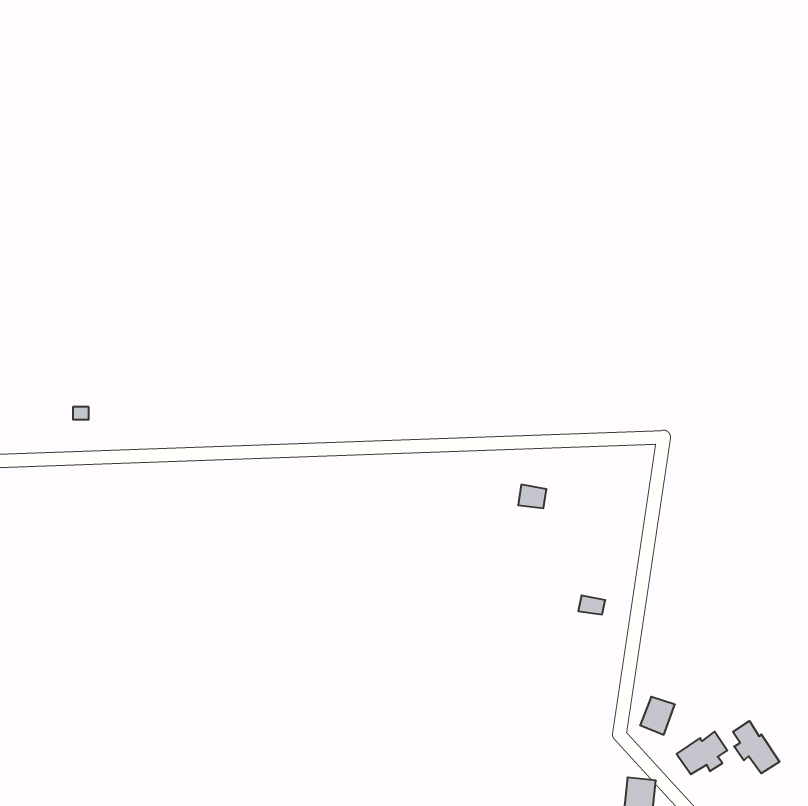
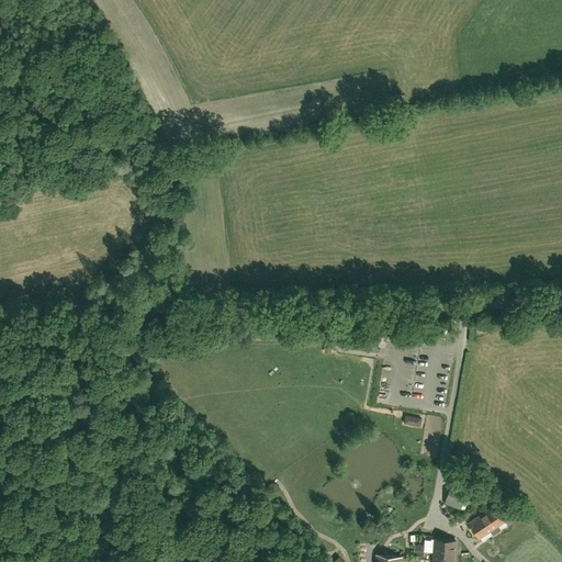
building: [733,721,780,773] -> none

